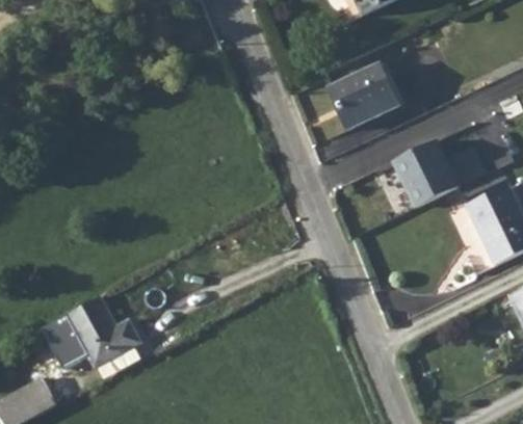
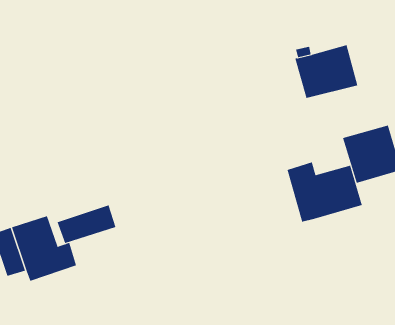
building: none -> [287,161,363,222]
building: none -> [57,204,116,244]

